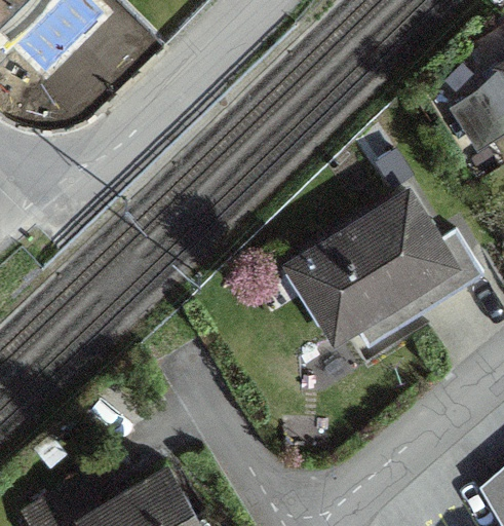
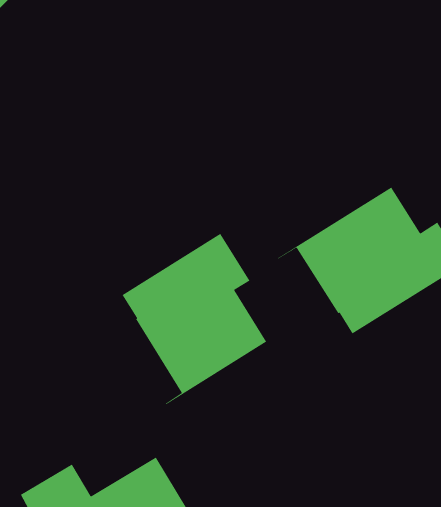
building: none -> [121,233,267,405]

